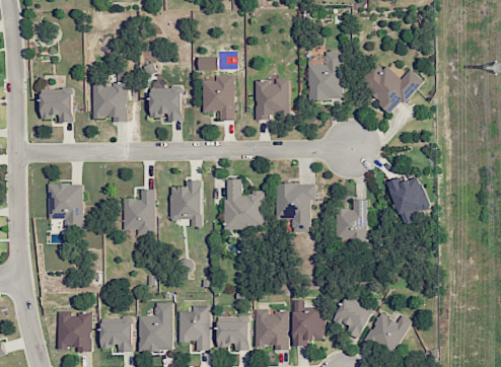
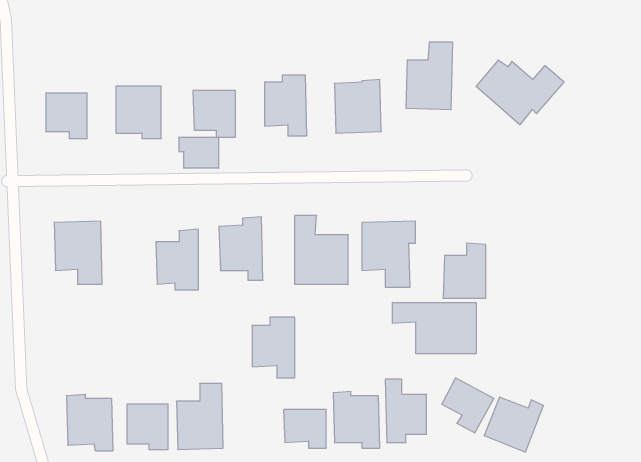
building: none -> [179,137,219,168]
building: [386,176,431,222] -> none
building: none -> [392,302,476,354]
building: [178,305,210,350] -> [252,317,295,378]

